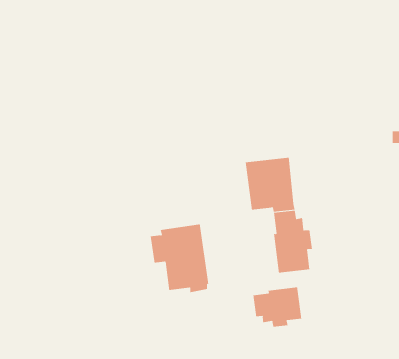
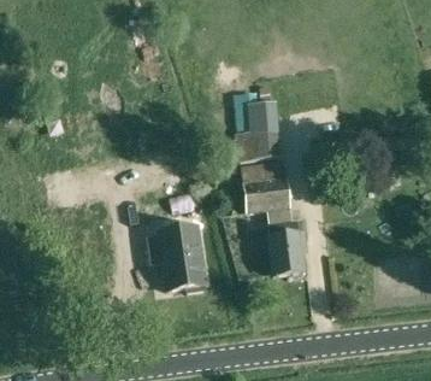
building: none -> [237,99,278,158]
building: [253,287,302,328] -> none

